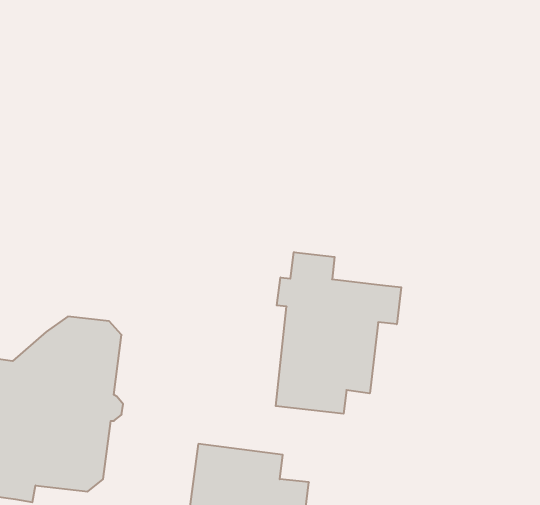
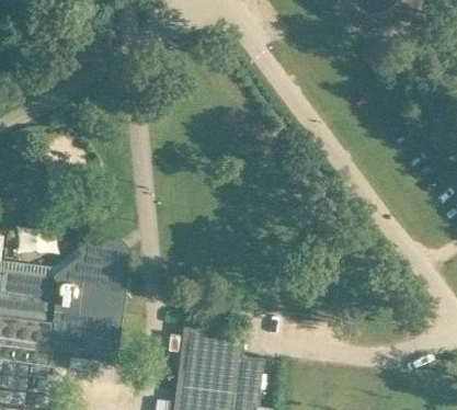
building: [276,252,401,414] -> none

